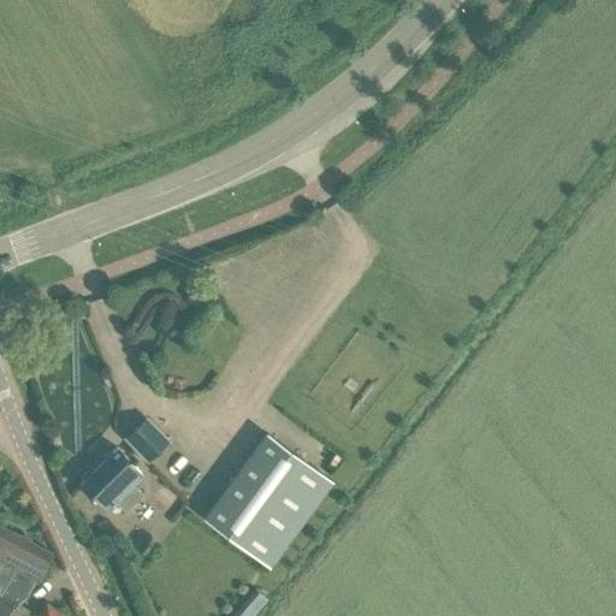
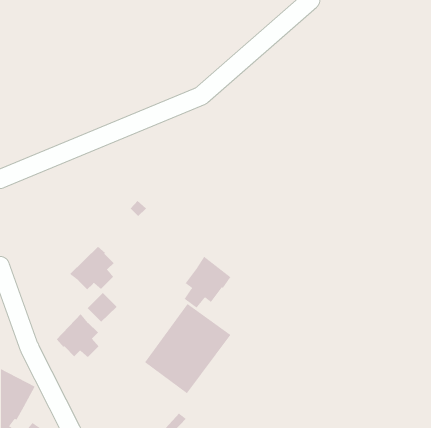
building: none -> [69,246,114,290]
building: none -> [184,256,231,308]

